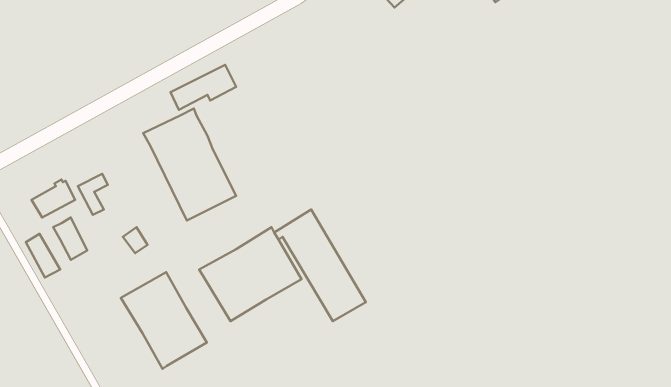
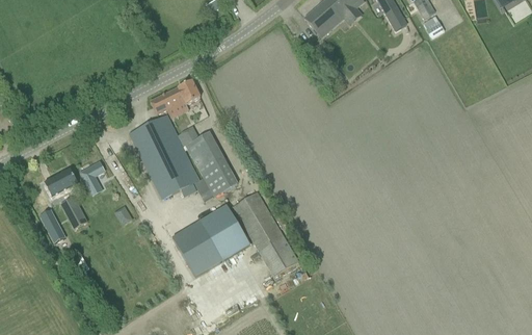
building: none -> [178,127,238,196]
building: [121,272,207,369] -> none

